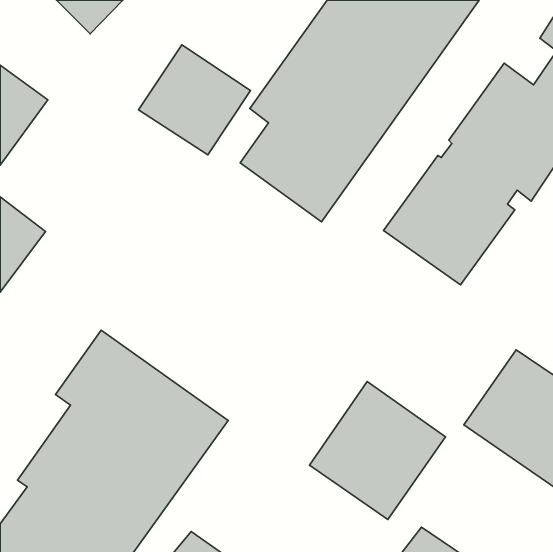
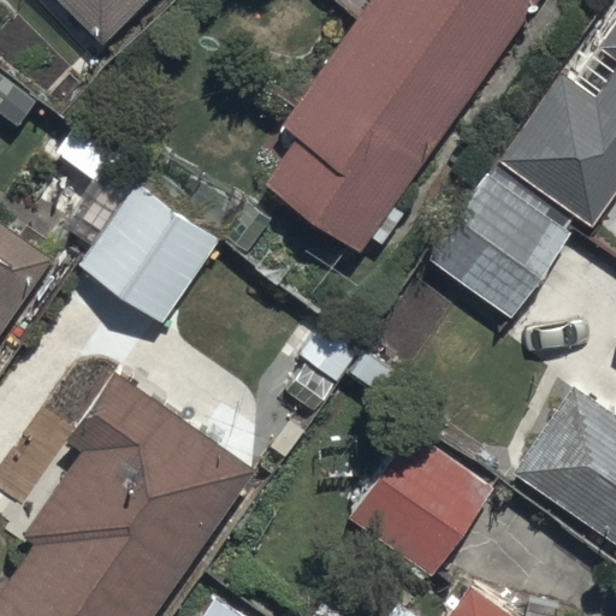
building: [138,45,251,155] -> none
building: none -> [59,160,223,327]

